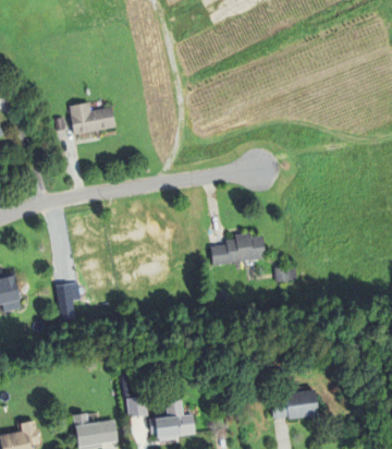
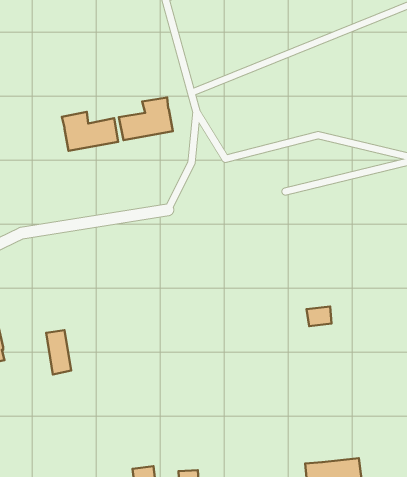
building: none -> [119,97,173,140]
building: [210,233,266,266] -> none

